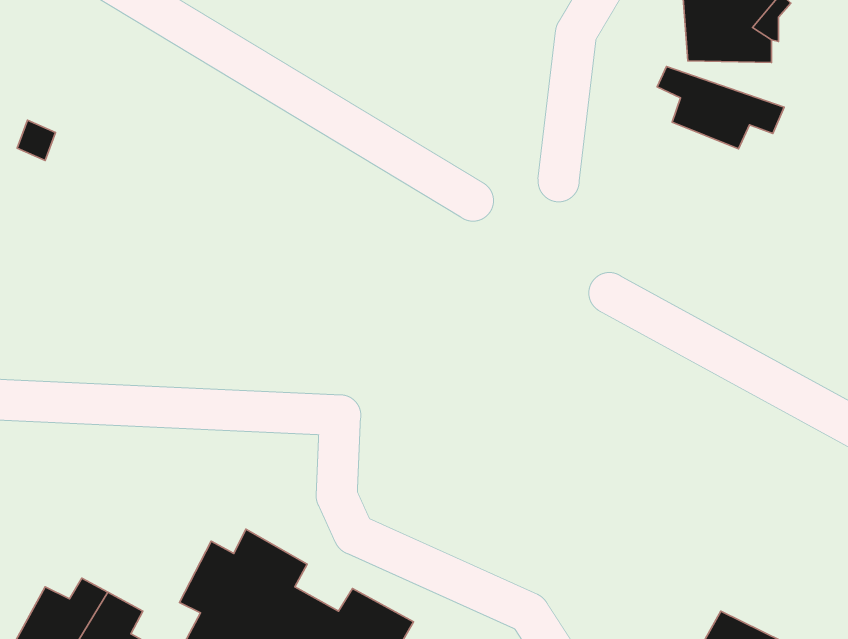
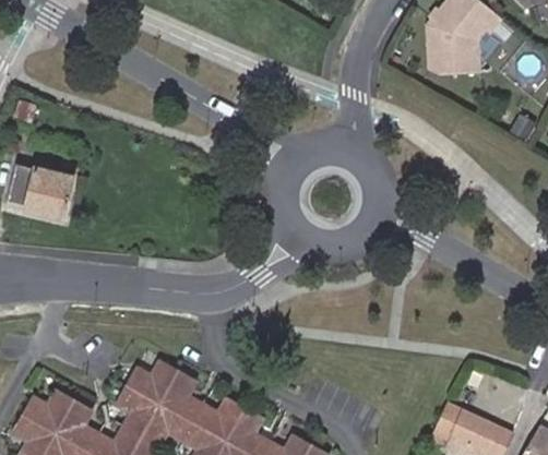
building: [657,66,784,149] -> none
building: none -> [8,161,74,214]

